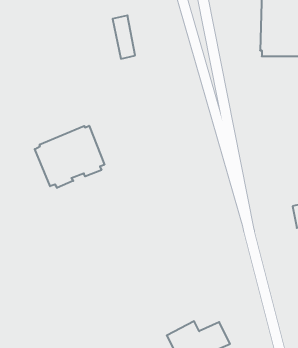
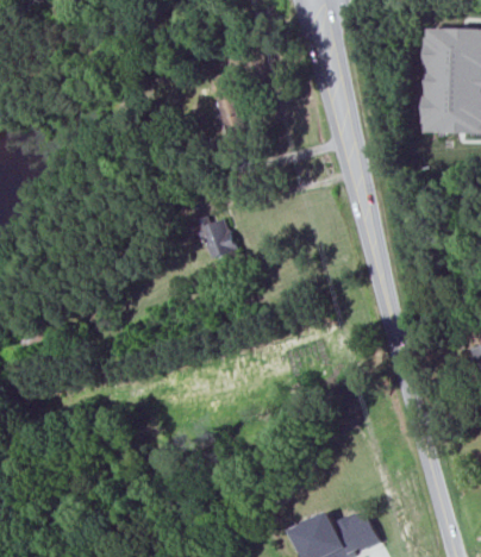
building: none -> [195,215,235,259]
building: [35,126,104,188] -> none

